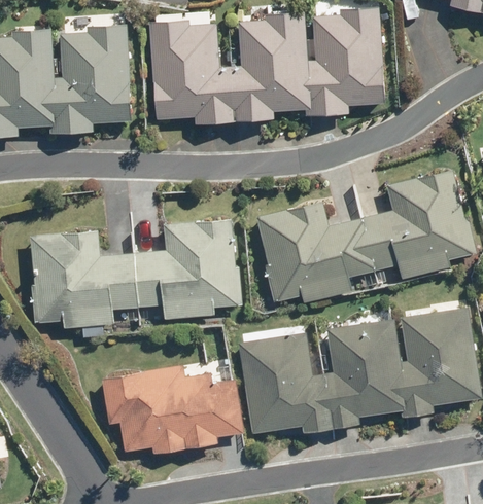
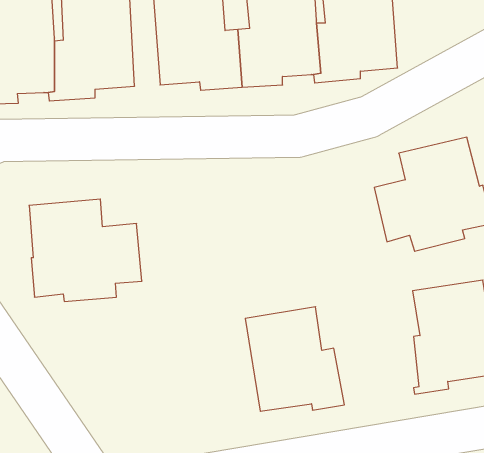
building: [256,201,375,303] -> none
building: [133,218,242,318] -> none
building: [323,318,406,428] -> none
building: [101,365,244,454] -> none

